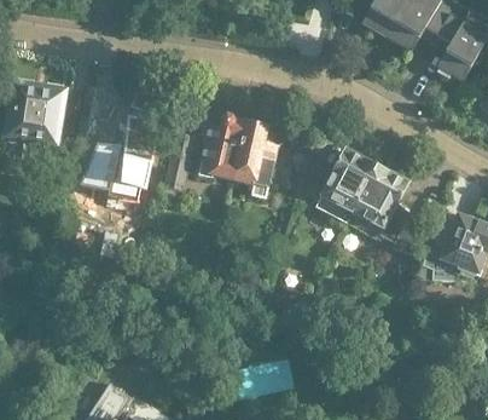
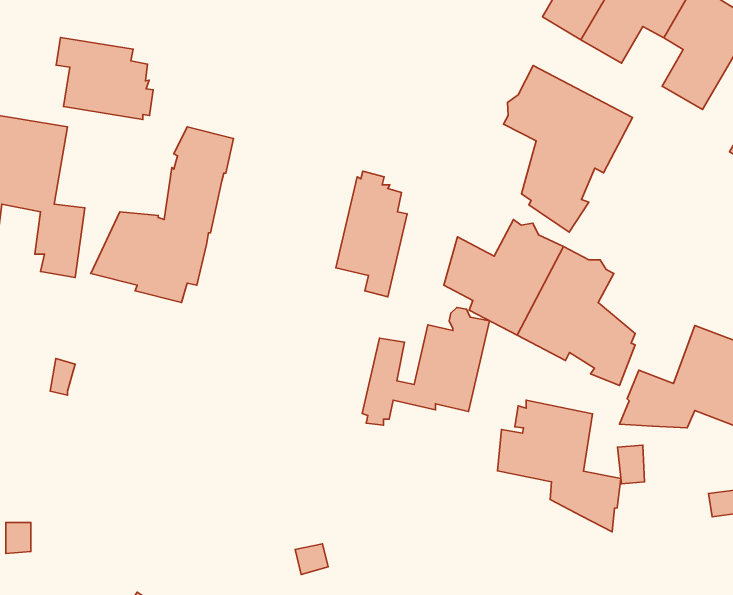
building: none -> [56,37,153,120]
building: none -> [503,66,633,232]
building: [168,114,248,188] -> [362,307,490,425]
building: none -> [498,400,621,532]

